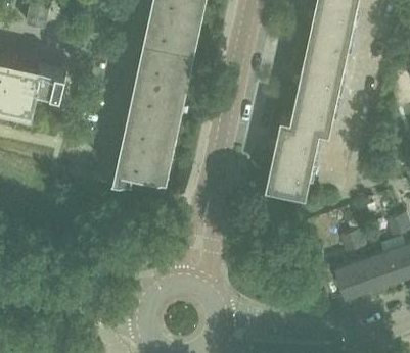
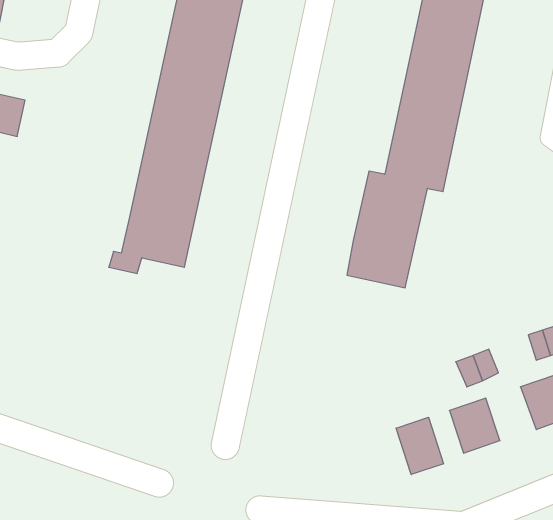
building: [358,257,391,292] -> none
building: none -> [396,417,443,475]

